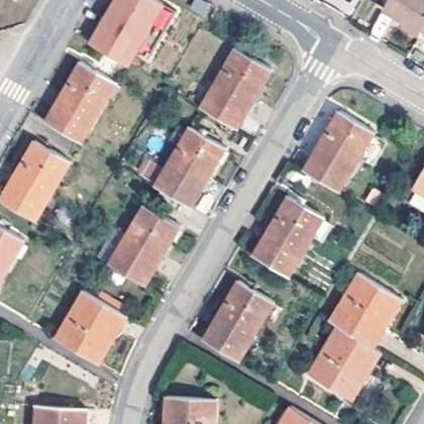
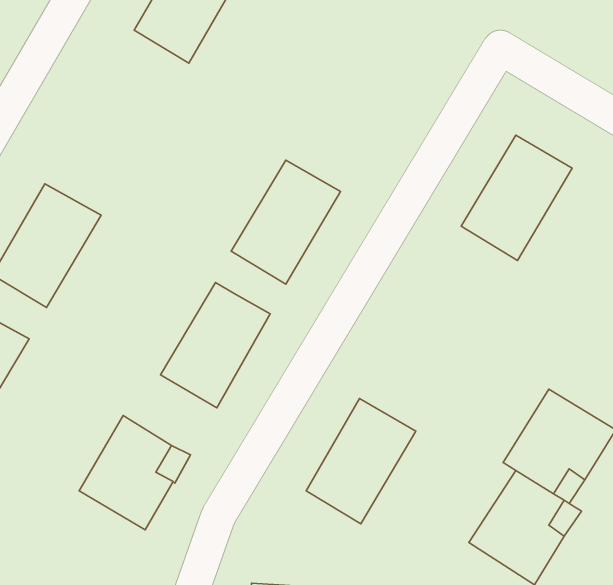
building: [200,48,272,128] -> none
building: [43,62,114,141] -> none
building: [252,194,323,276] -> none

